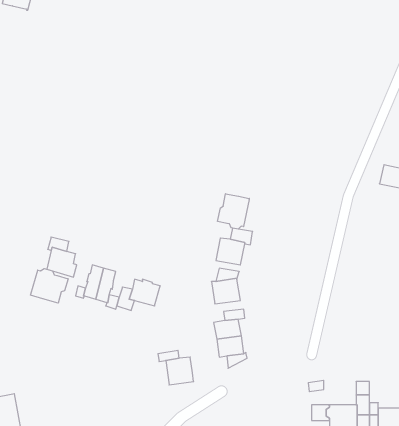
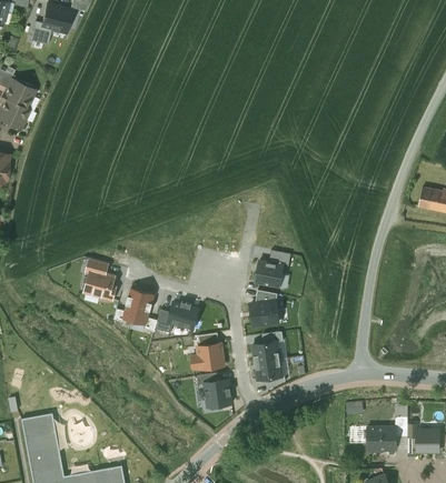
building: [218,194,249,229] -> none
building: [30,269,68,303] -> none
building: none -> [198,343,225,368]

